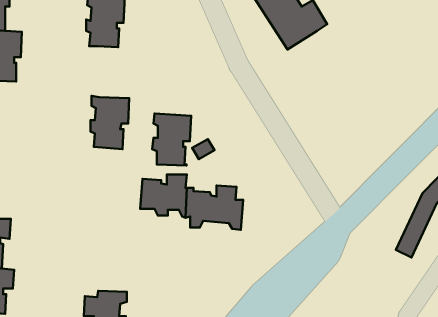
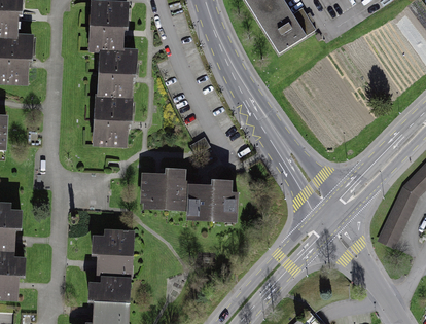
building: [152,114,191,166] -> [99,50,135,99]
building: none -> [93,230,133,279]

